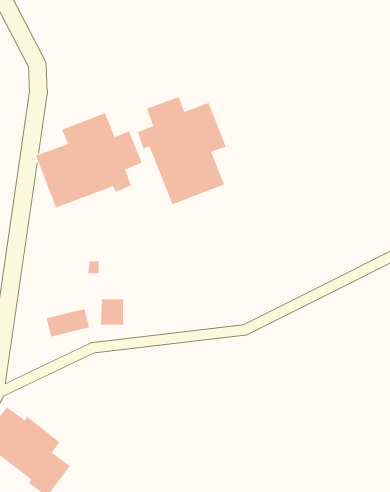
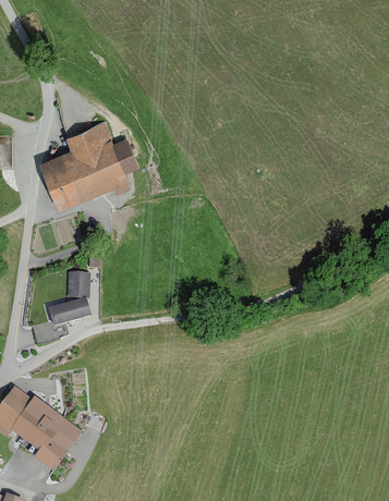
building: [137,96,226,205] -> none
building: [100,299,124,325] -> [68,272,89,296]

